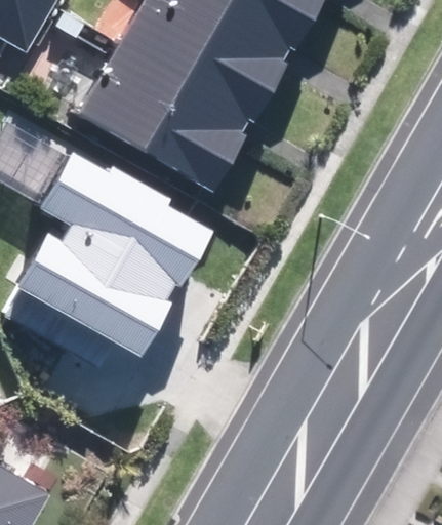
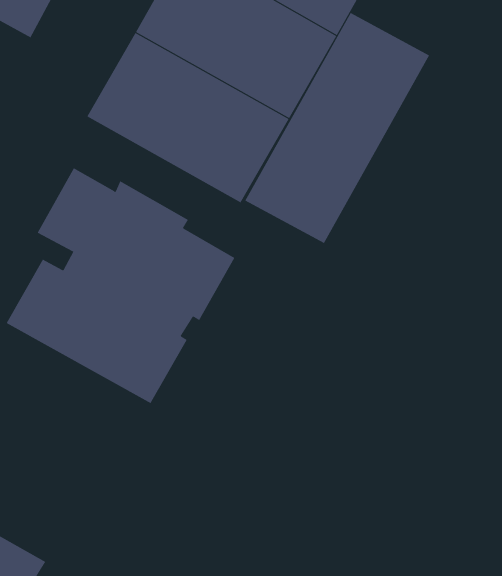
building: none -> [245,12,430,244]

